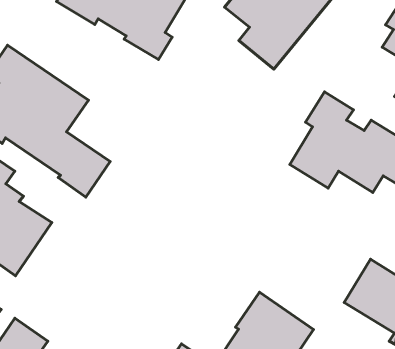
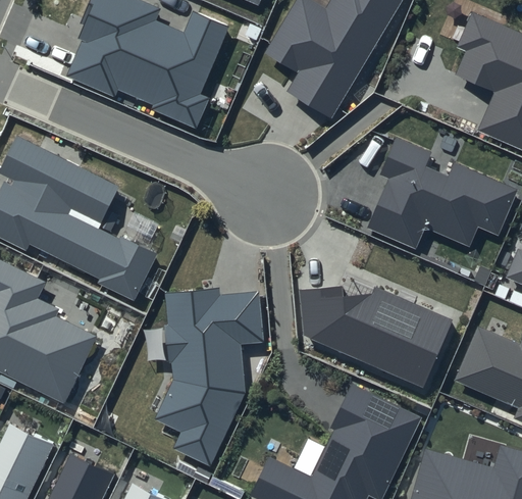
building: none -> [154,288,263,466]
building: none -> [300,285,453,389]

